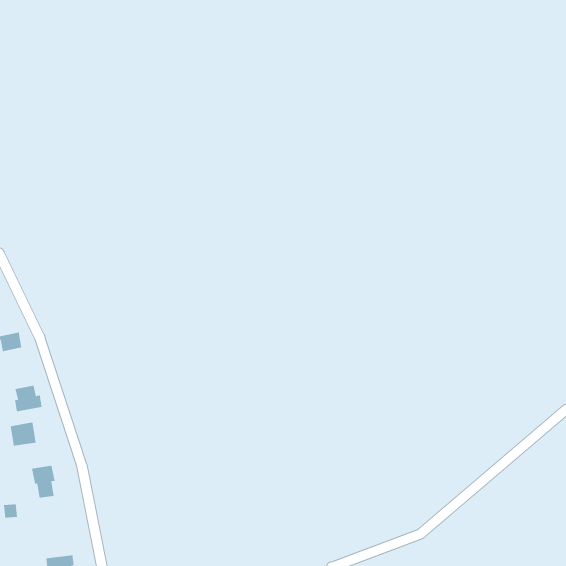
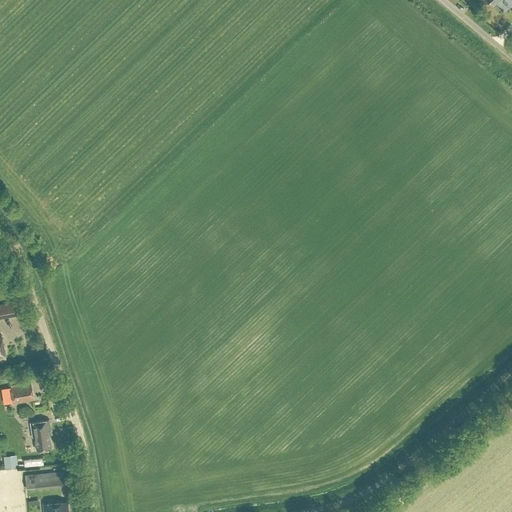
building: [14,385,42,412] -> none
building: none -> [24,471,64,490]

